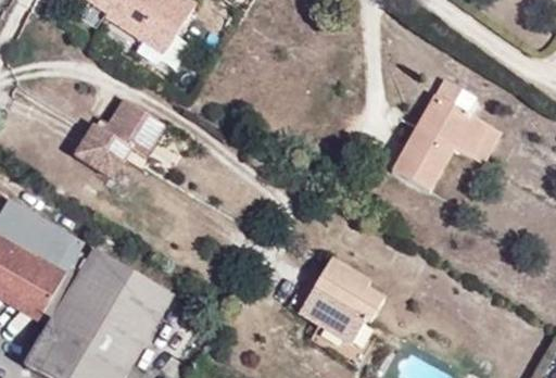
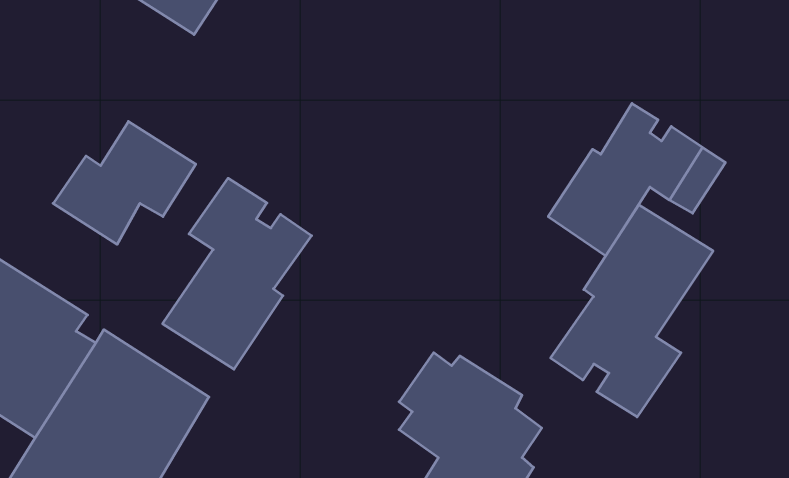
building: none -> [163,178,312,369]
building: none -> [551,205,713,417]

